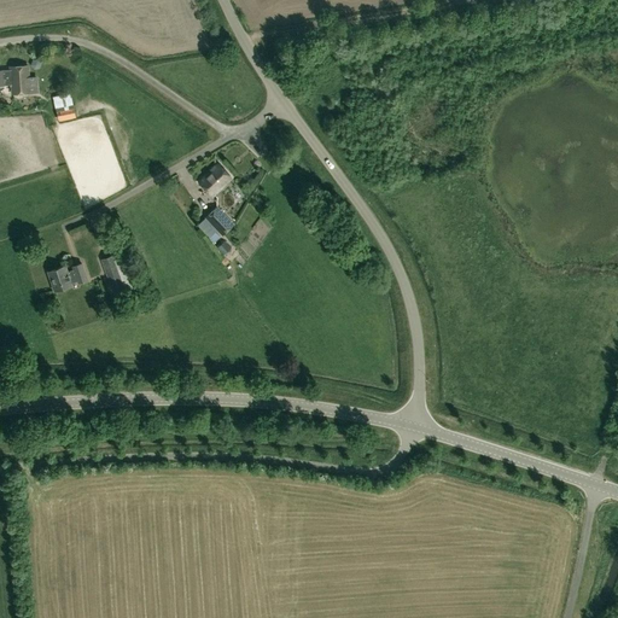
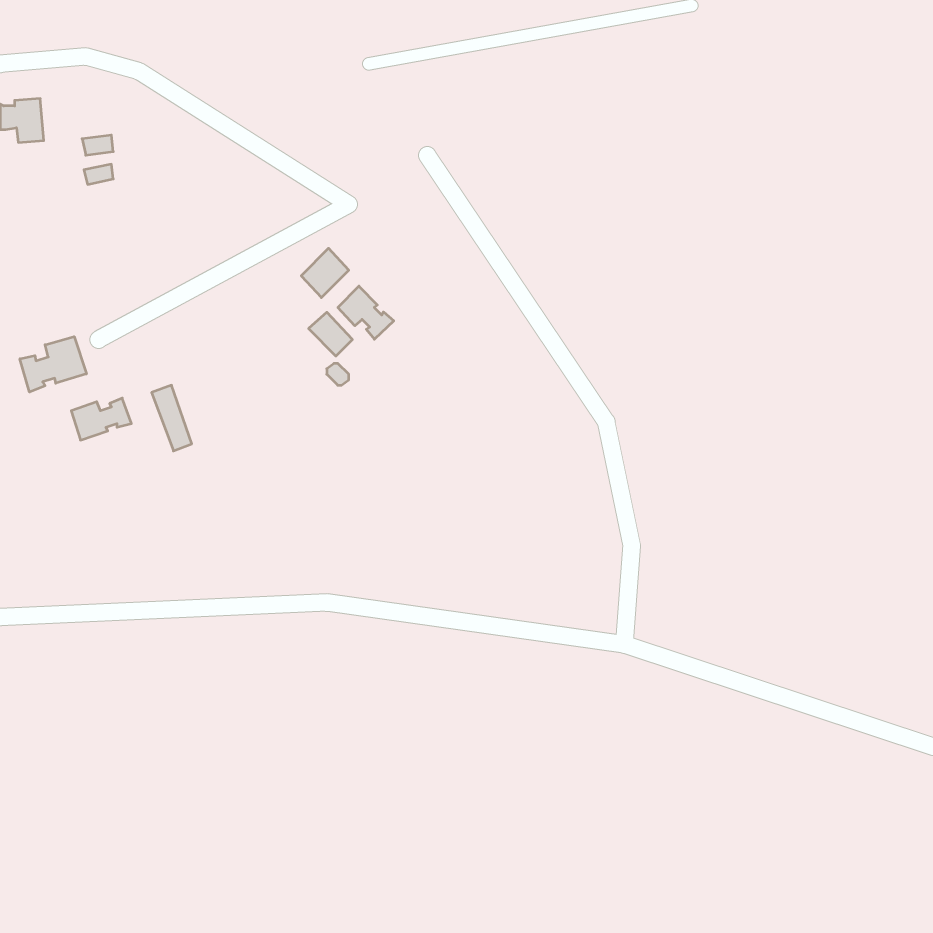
building: none -> [338,286,394,339]
building: none -> [20,337,86,392]

